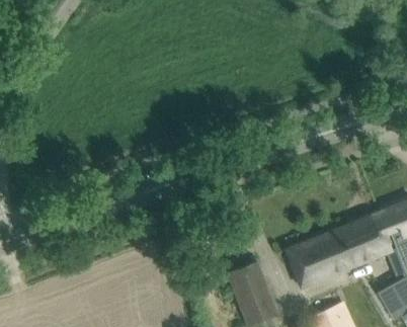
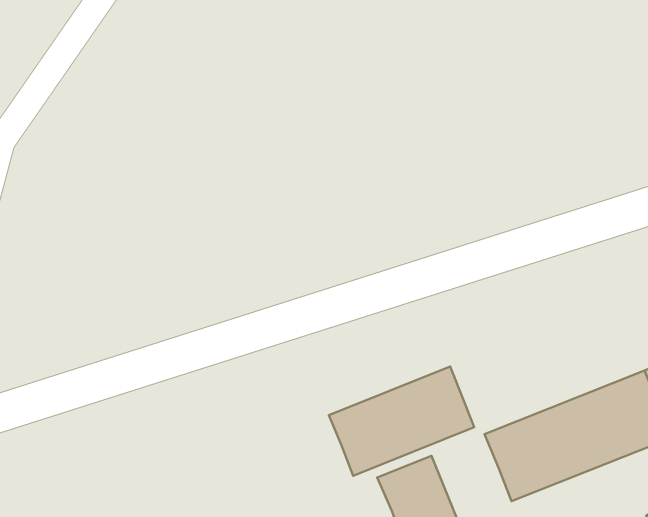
building: none -> [329,366,474,476]

